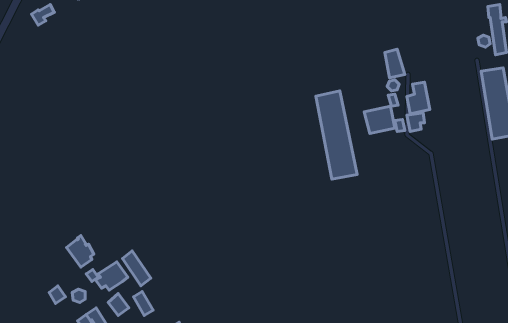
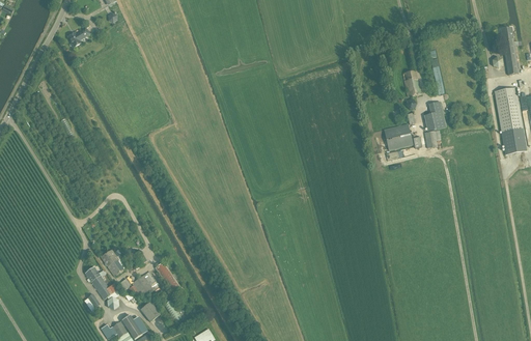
building: [316,91,357,179] -> none
building: none -> [84,266,118,299]

